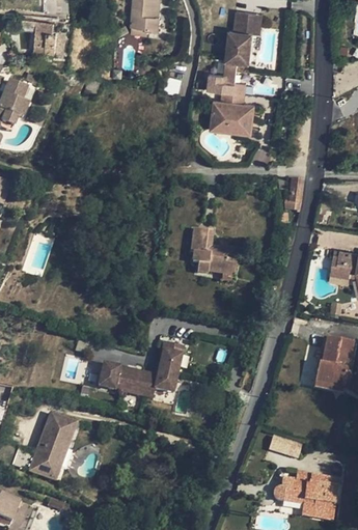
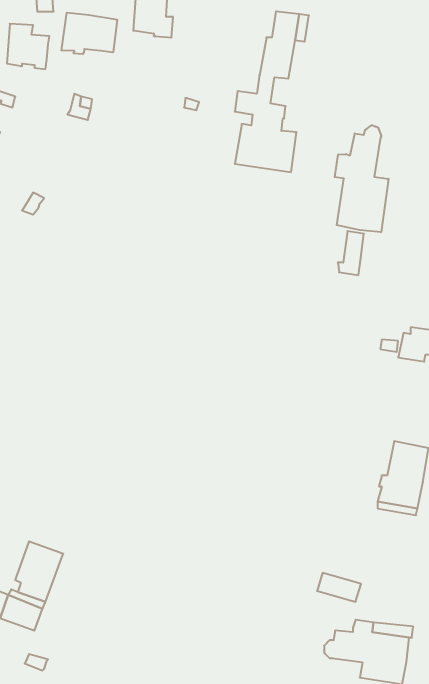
building: none -> [61,13,117,54]
building: none -> [335,125,389,232]
building: [190,228,237,273] -> none
building: [98,341,183,397] -> none

